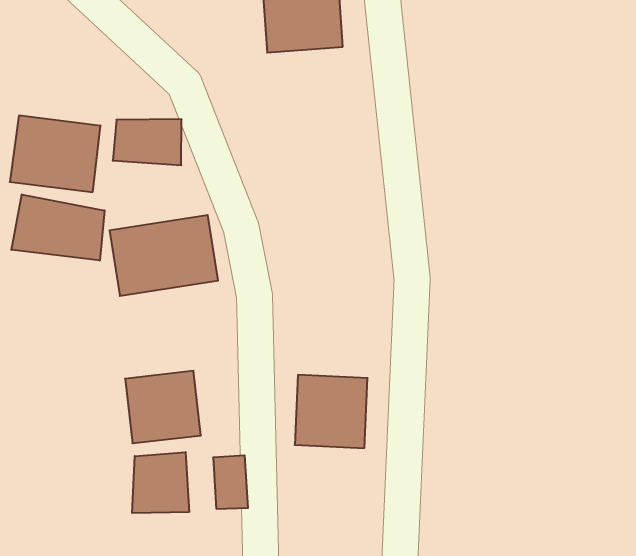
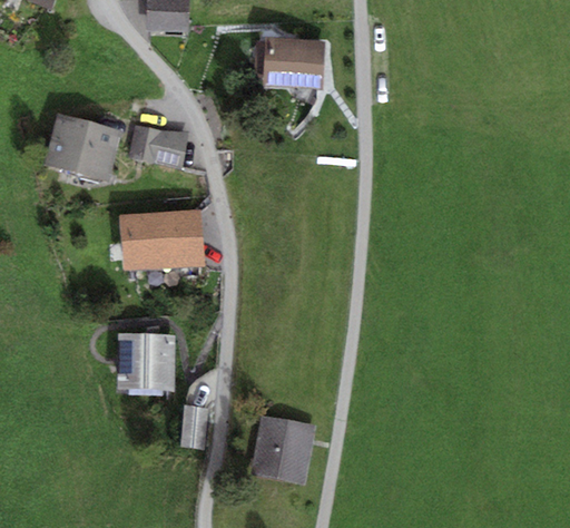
building: [11,194,105,261] -> none
building: [295,375,368,448] -> [252,415,316,480]
building: [132,452,189,513] -> none

